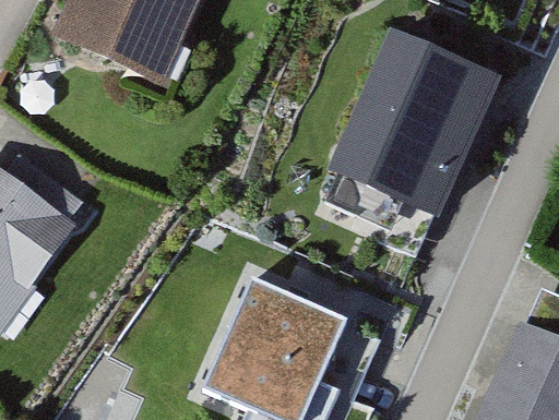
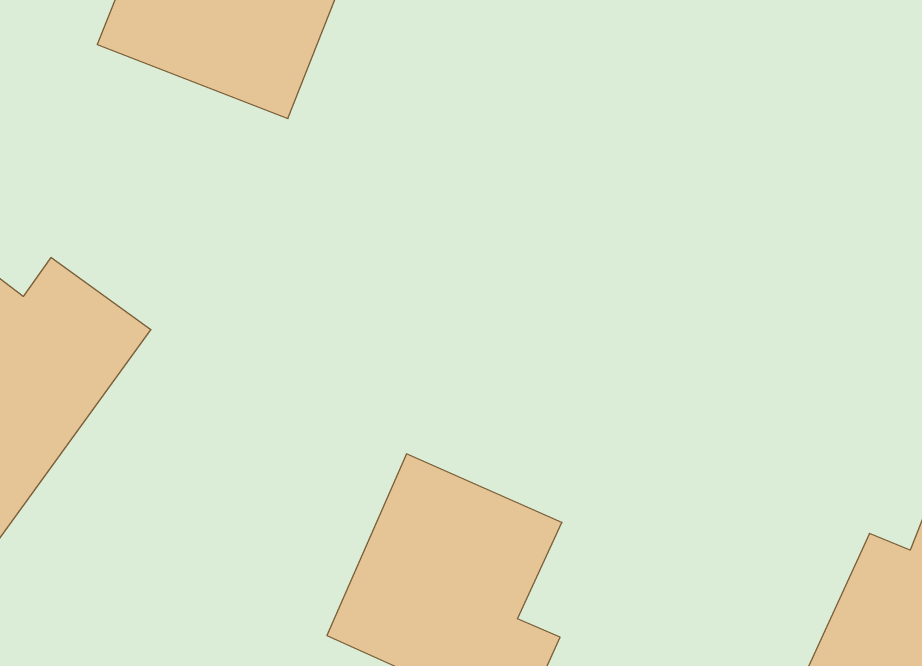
building: [331,37,484,207] -> none

